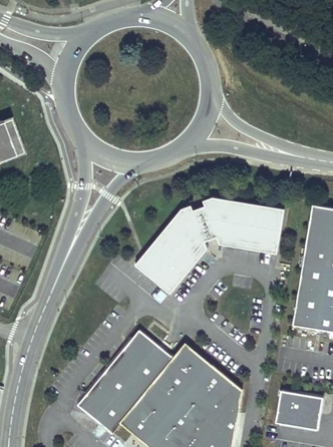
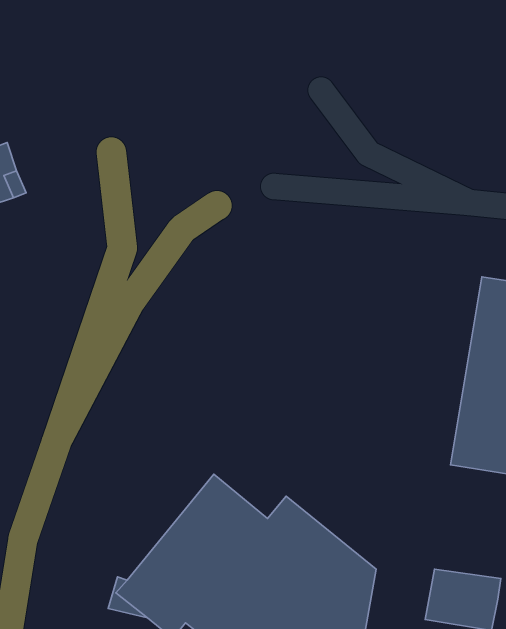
building: [134,196,283,293] -> none

